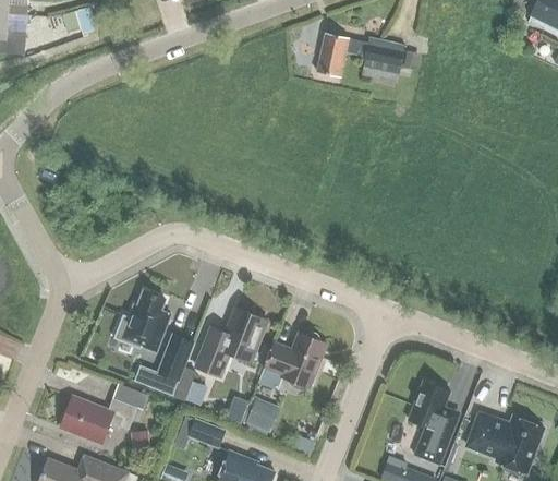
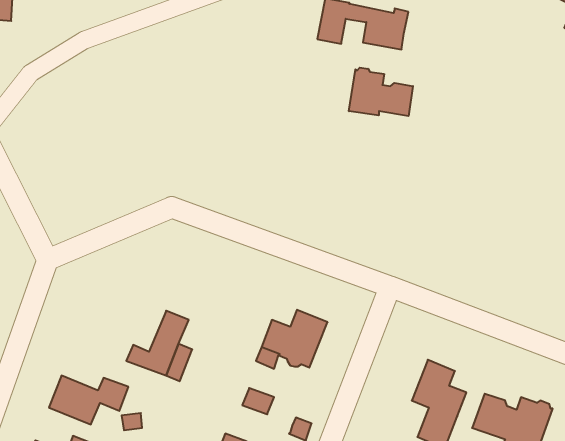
building: none -> [349,68,413,116]
building: [121,290,170,351] -> none
building: [196,308,266,375] -> none
building: [187,418,225,448] -> none

